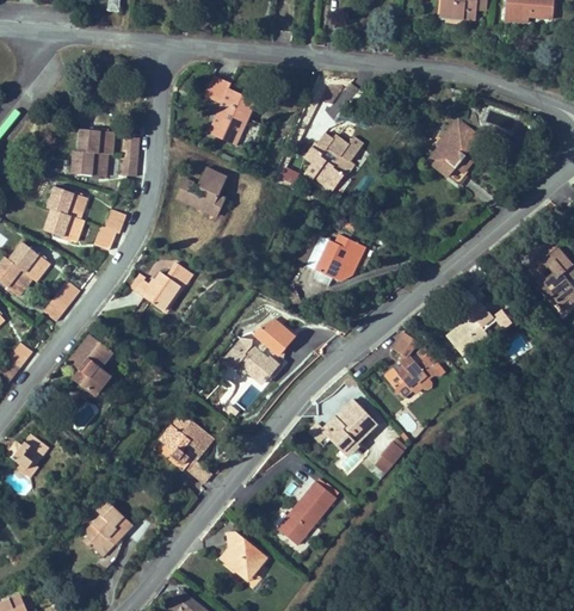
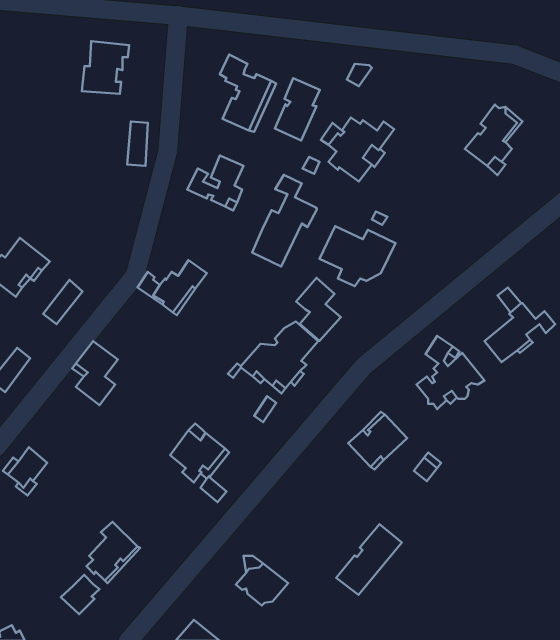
building: none -> [275,78,320,140]
building: [72,128,115,175] -> [82,41,129,94]
building: none -> [252,175,317,266]
building: [44,185,87,241] -> none
building: [94,208,126,249] -> none
building: none -> [296,278,341,341]
building: [277,480,337,544] -> [336,524,402,595]
building: none -> [61,575,99,614]

